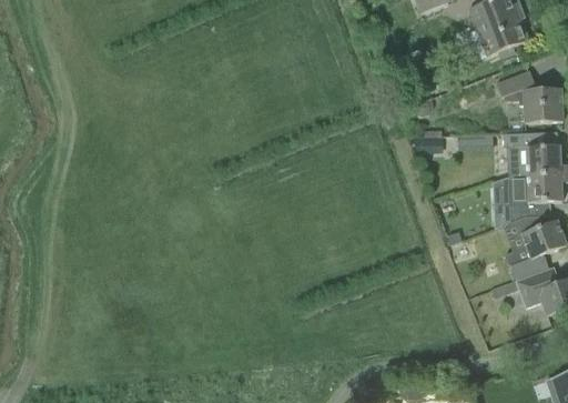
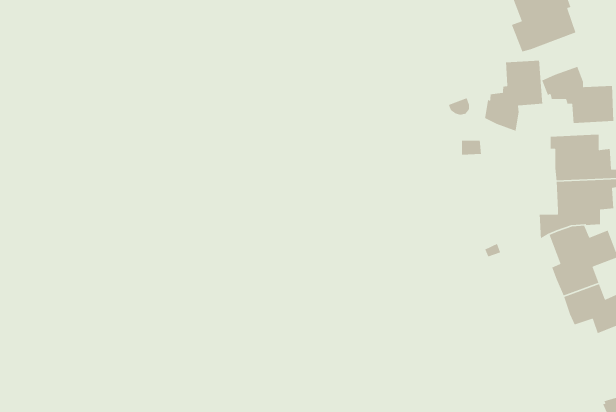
building: none -> [484,60,543,132]

